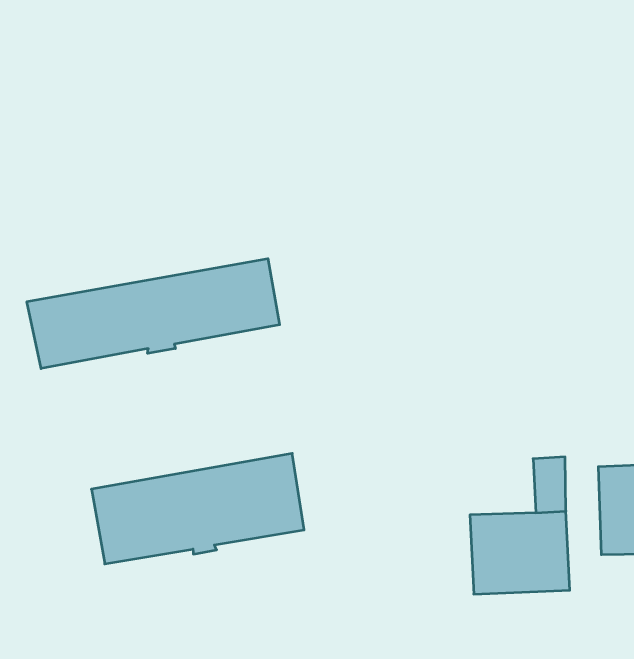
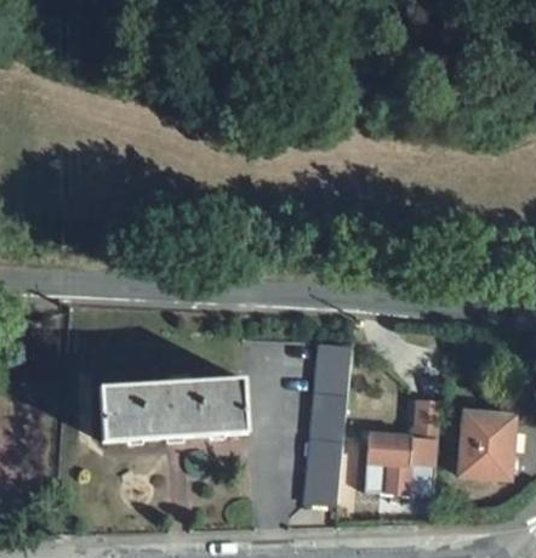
building: [27,259,280,369] -> none
building: none -> [303,343,350,505]

